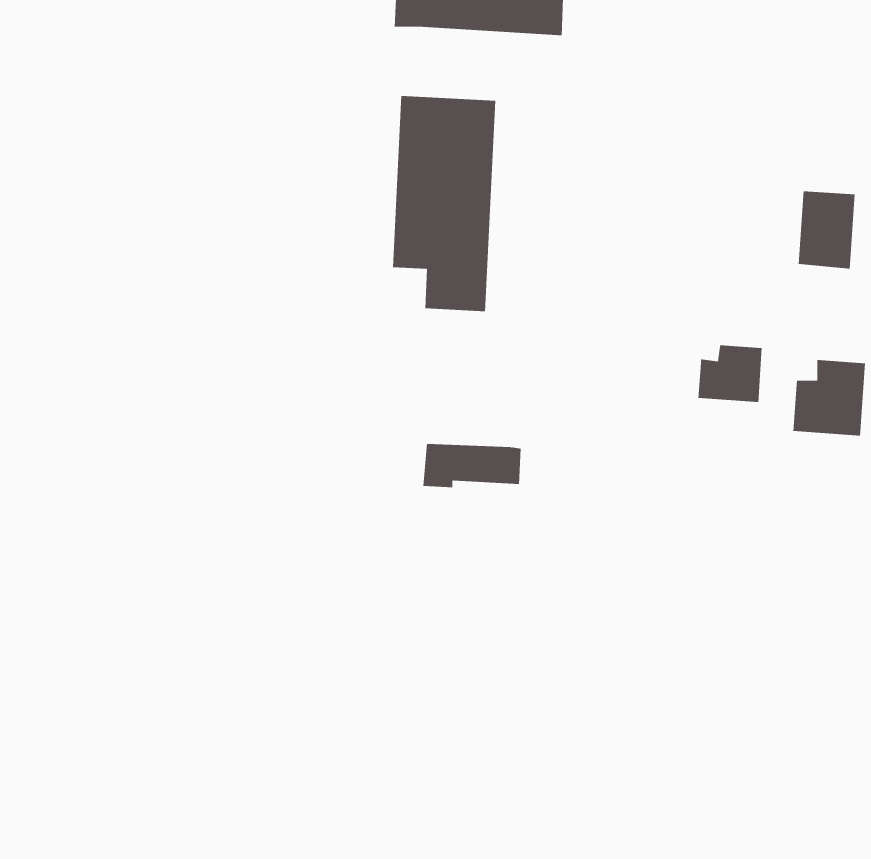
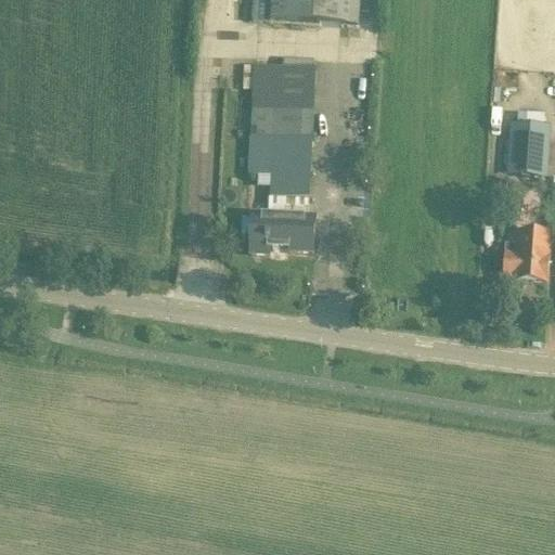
building: [698,344,762,403] -> none
building: [423,443,521,488] -> [251,211,314,240]

